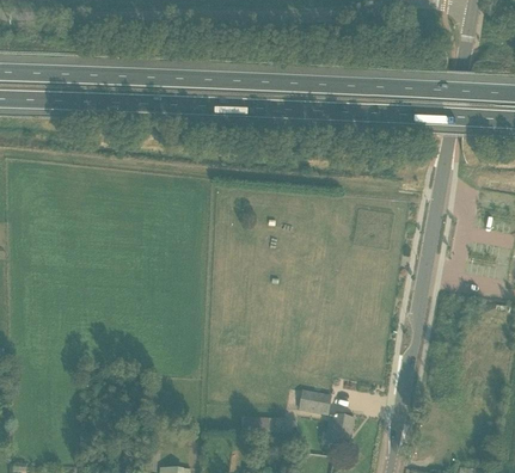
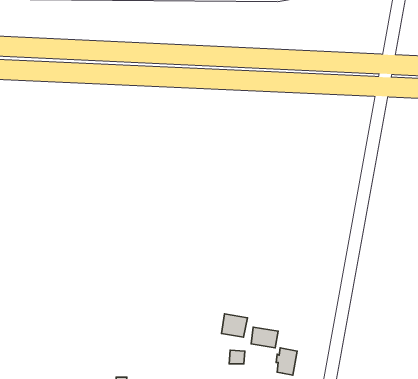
building: none -> [222,314,248,337]

